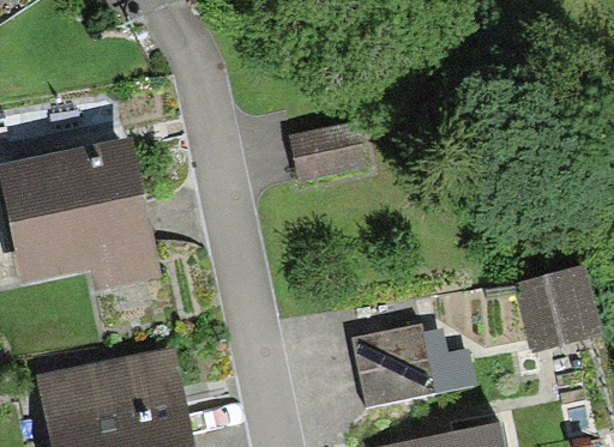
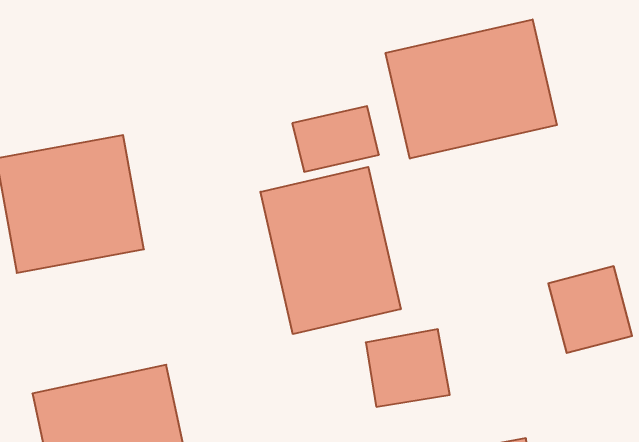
building: none -> [386,19,557,159]
building: none -> [260,167,401,334]

